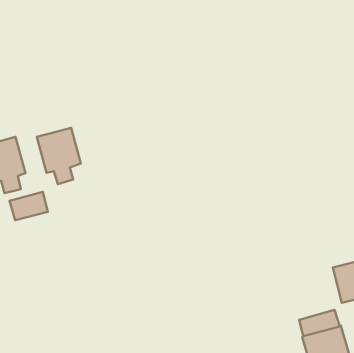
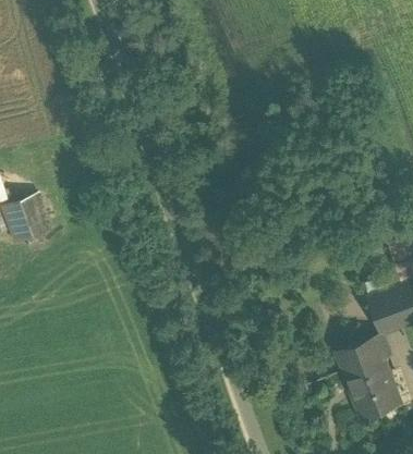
building: [37,128,81,184] -> none
building: [9,192,48,220] -> none

